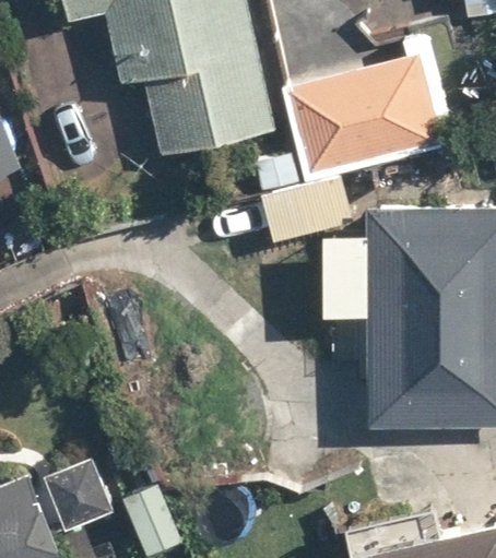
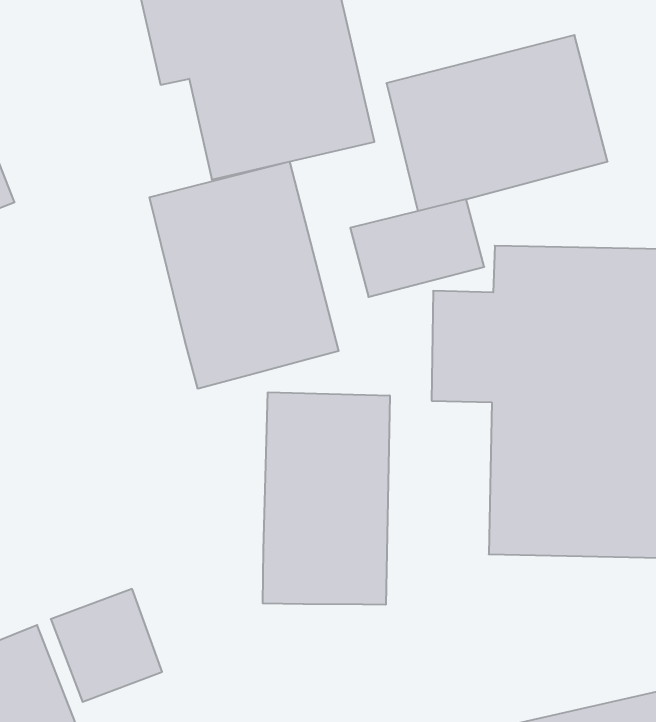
building: none -> [149,162,339,389]
building: none -> [263,392,390,605]

